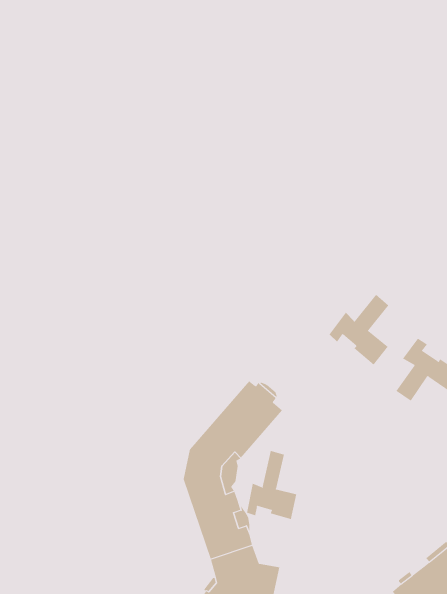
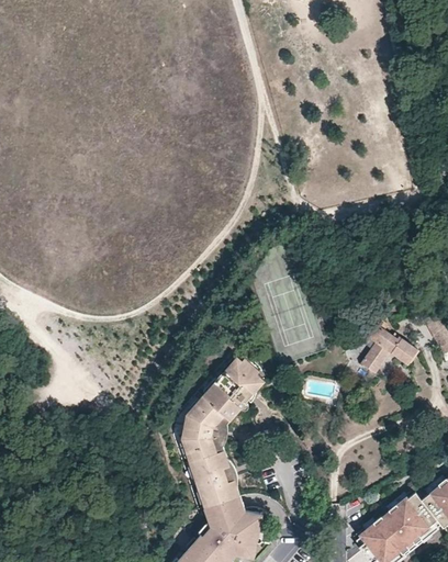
building: [329,294,389,366] -> none
building: [247,450,297,520] -> none

